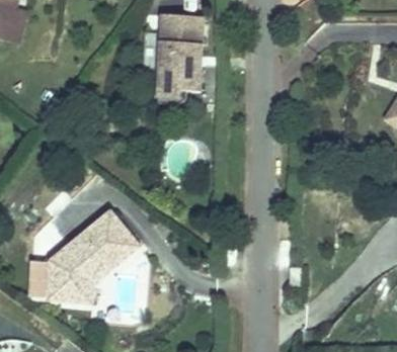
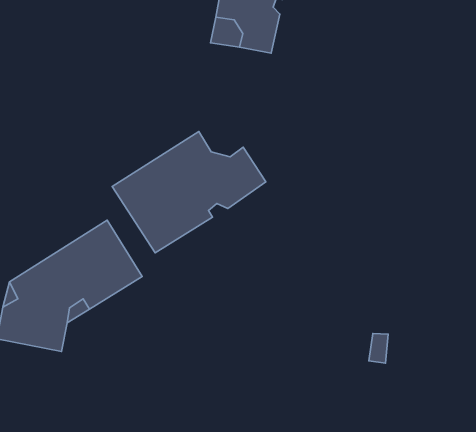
building: none -> [112,132,266,253]

